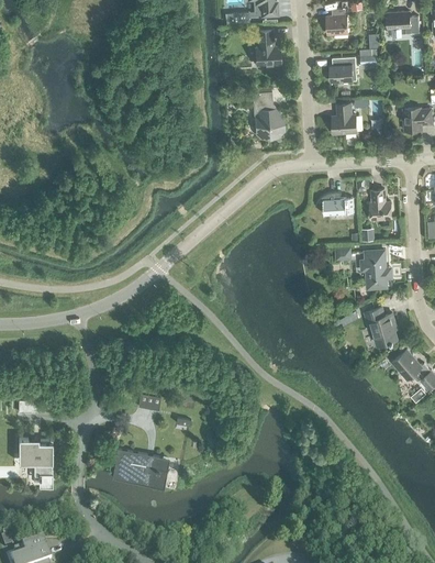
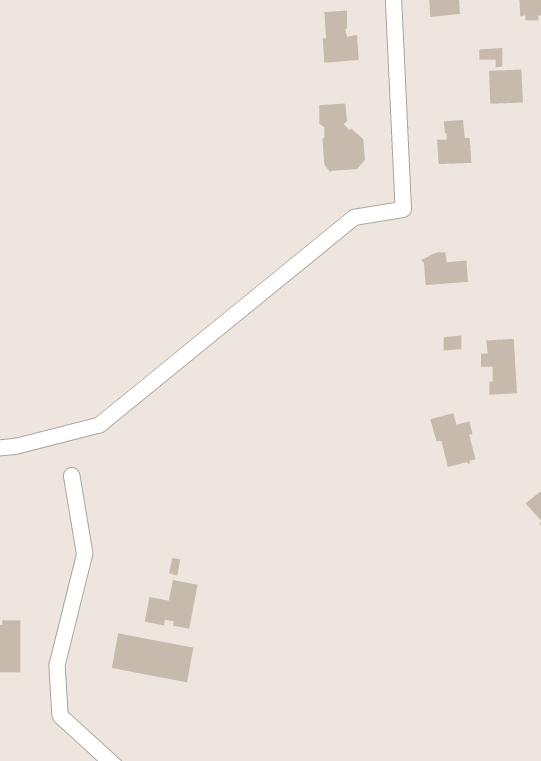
building: [332,57,356,81] -> [488,69,524,105]
building: [369,189,391,220] -> none
building: [365,308,397,345] -> [429,412,477,468]
building: none -> [144,579,198,629]

